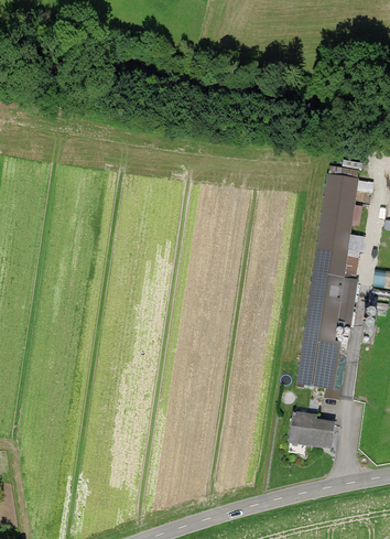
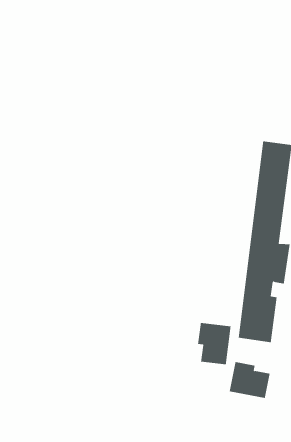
building: none -> [198,322,231,365]

